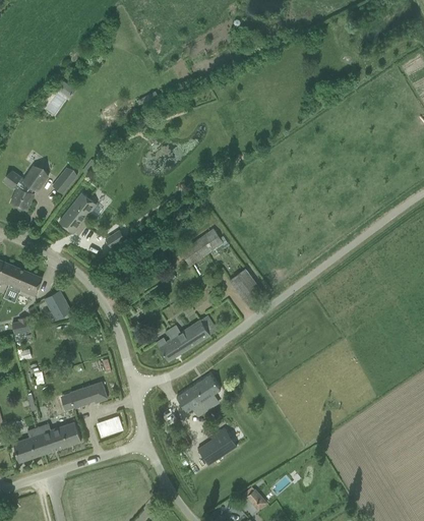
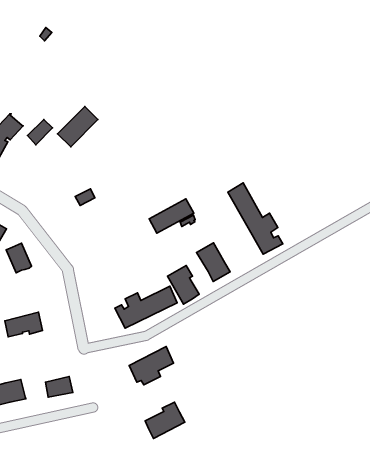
building: [59,192,97,233] -> [57,106,98,147]
building: none -> [228,183,283,254]
building: none -> [167,265,199,304]
building: [68,382,106,409] -> [5,312,43,337]

